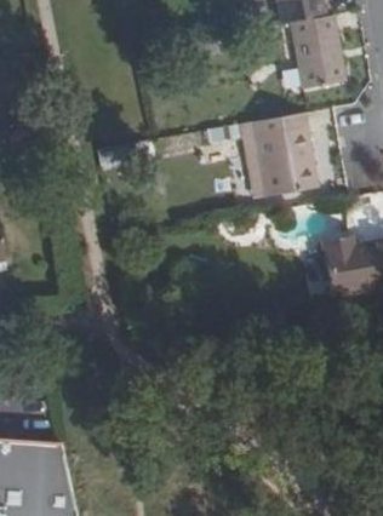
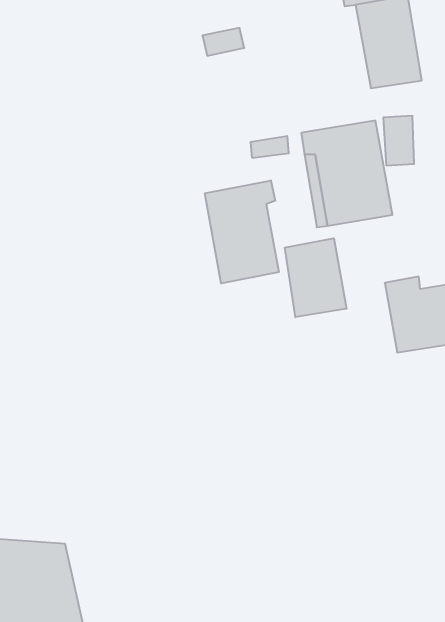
building: none -> [205,180,279,283]
building: none -> [285,238,347,317]

